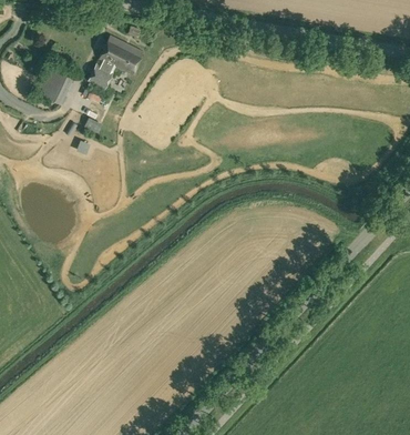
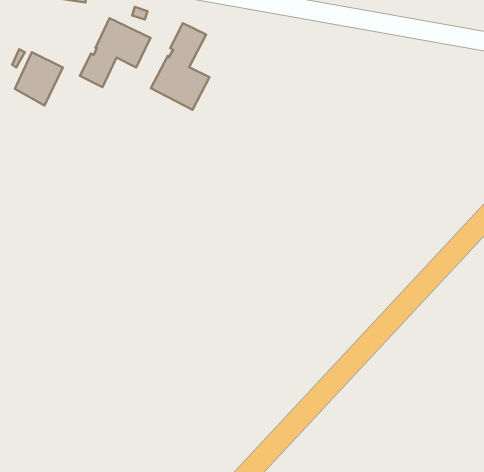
building: none -> [151,23,209,110]

